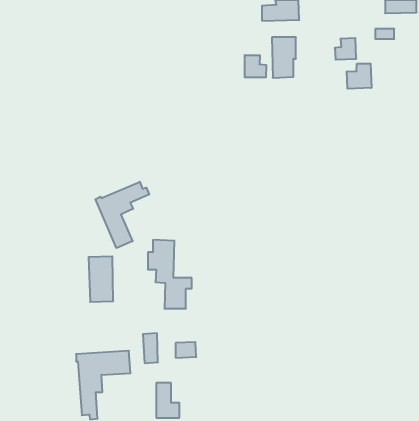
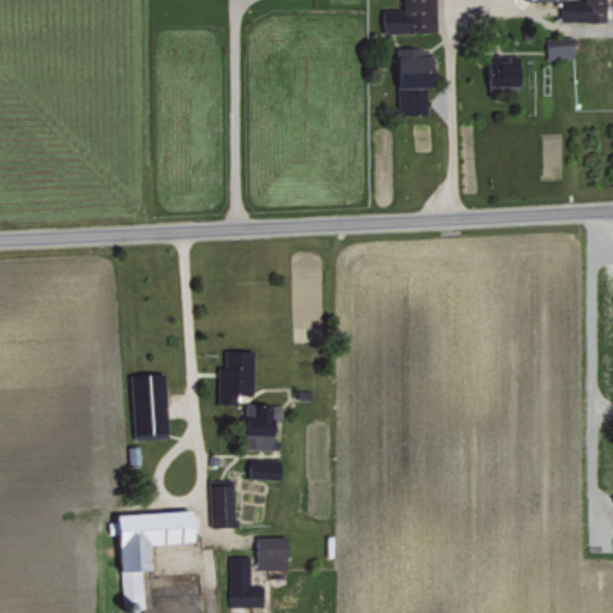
building: [245,55,266,77] -> none
building: [347,64,371,89] -> none
building: [95,182,149,248] -> none
building: [176,342,196,358] -> [259,547,289,570]

